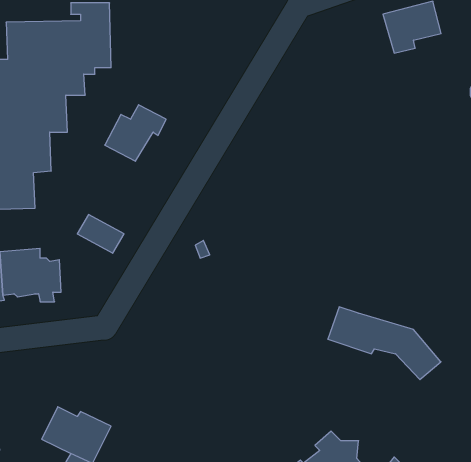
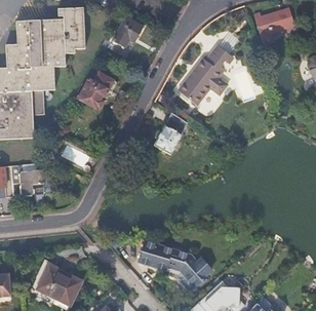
building: none -> [114,18,145,51]
building: none -> [174,48,232,108]
building: none -> [154,113,188,154]
building: [328,307,441,380] -> [139,238,210,284]

